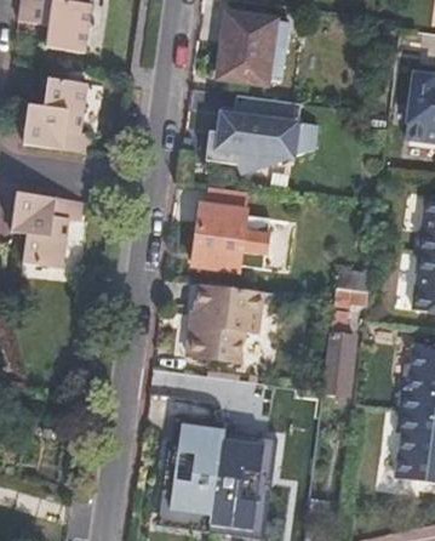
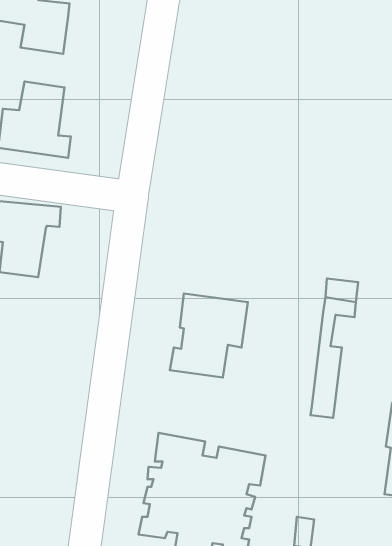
building: [221,12,291,82] -> none
building: [206,95,317,170] -> none
building: [194,186,275,270] -> none

